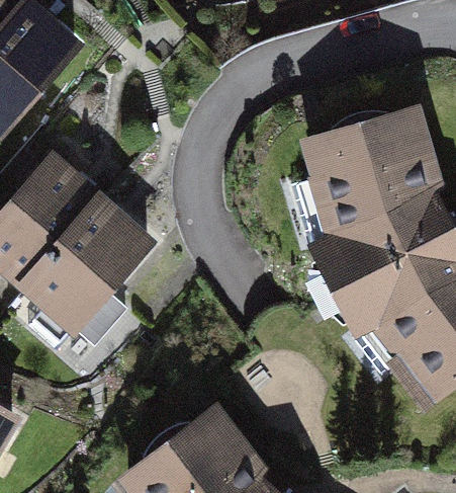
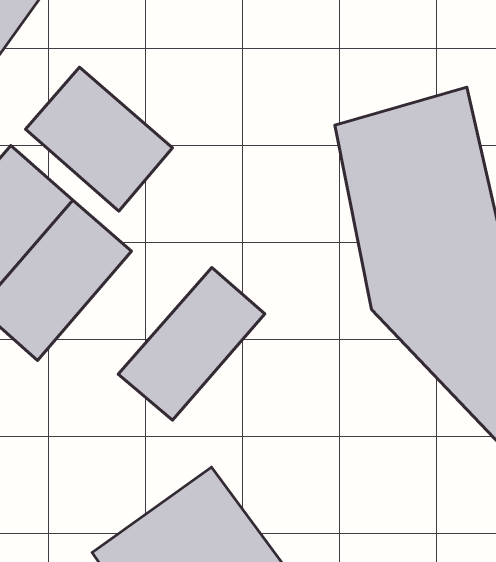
building: none -> [26,67,172,211]
building: none -> [118,268,265,420]

